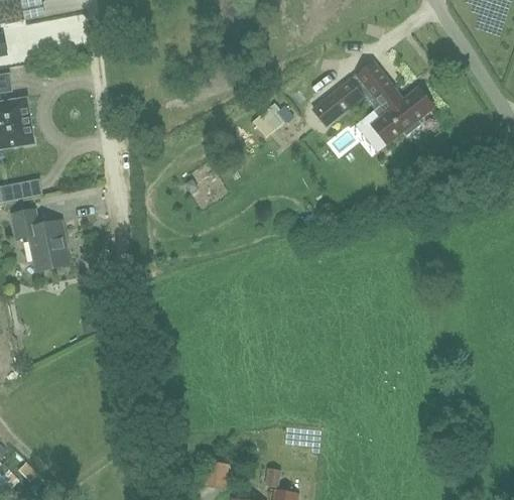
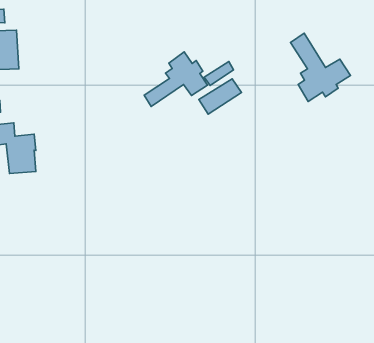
building: [311,80,362,125] -> [199,79,242,114]
building: none -> [144,52,207,107]

